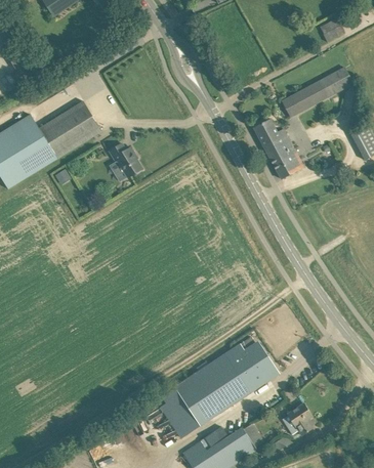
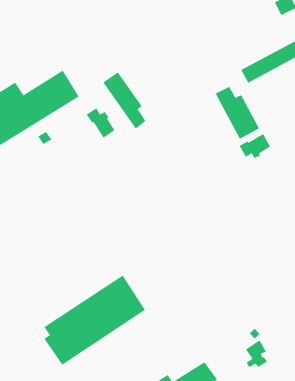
building: none -> [103,72,146,129]
building: none -> [239,133,271,159]
building: [161,336,276,437] -> [43,275,146,365]

